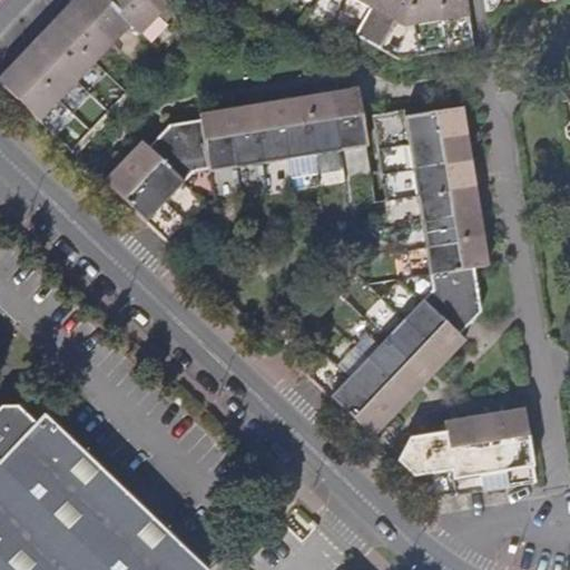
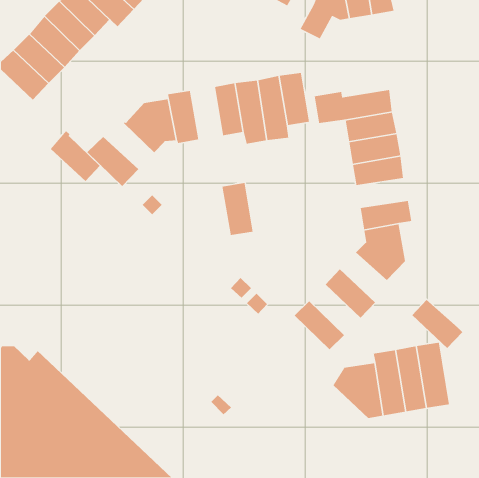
building: [227,102,265,166] -> [222,182,254,236]
building: [124,139,184,200] -> [50,130,101,182]
building: [423,212,485,246] -> none
building: [404,299,465,358] -> [411,299,463,349]
building: [367,337,429,397] -> none
building: [330,374,392,434] -> none

